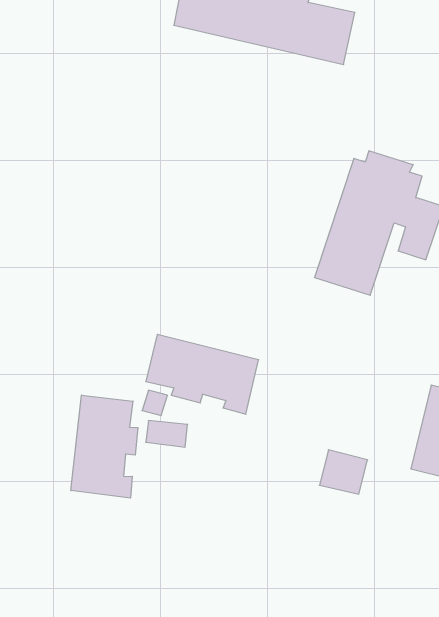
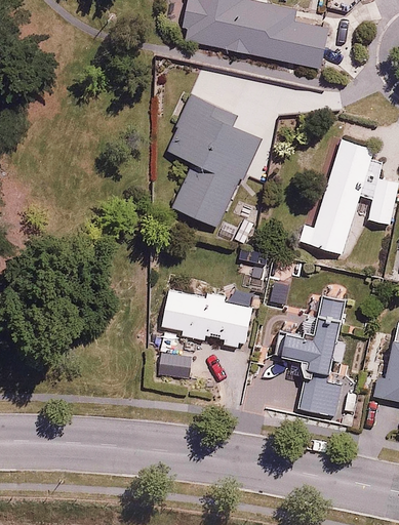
building: none -> [164,91,263,226]
building: none -> [282,299,344,378]
building: [71,395,138,498] -> none

